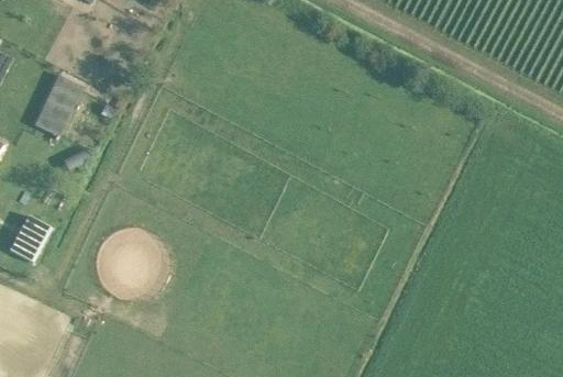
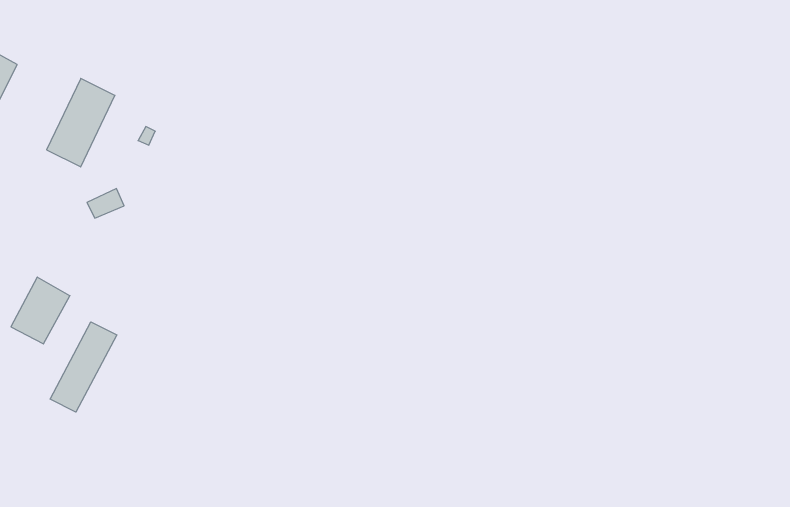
building: none -> [50,322,117,412]

